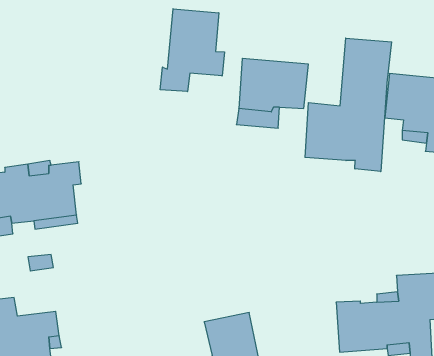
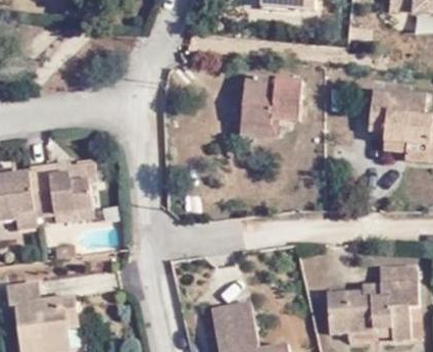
building: [160,9,224,92] -> none
building: [305,38,392,172] -> none

